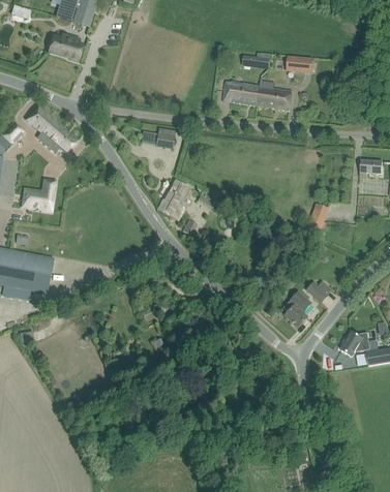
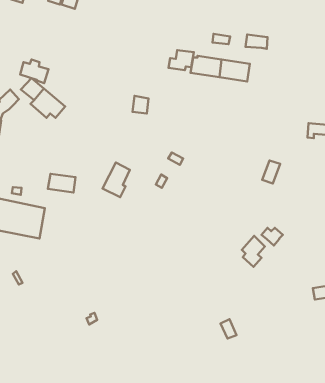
building: [49,33,82,61] -> [20,59,49,83]
building: none -> [169,50,194,70]
building: [156,179,188,219] -> [102,163,130,197]
building: [21,189,53,211] -> [48,174,75,192]
building: [340,332,369,356] -> none

